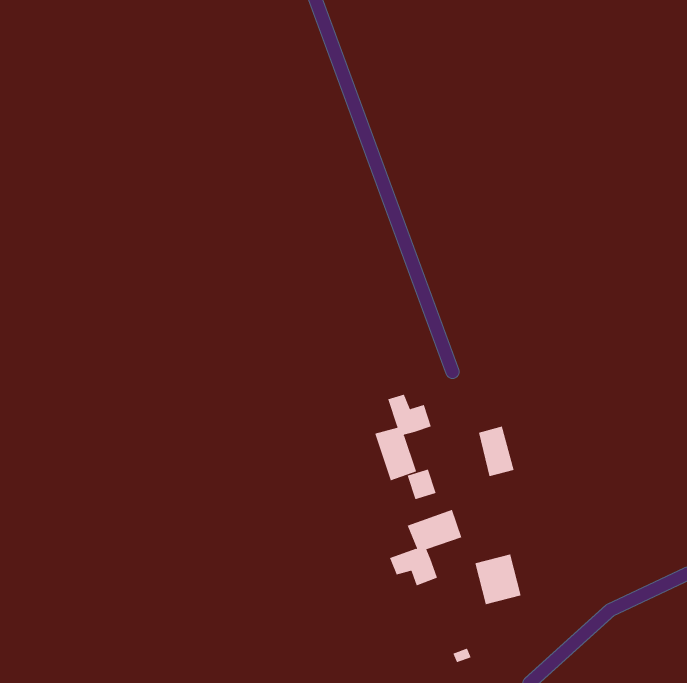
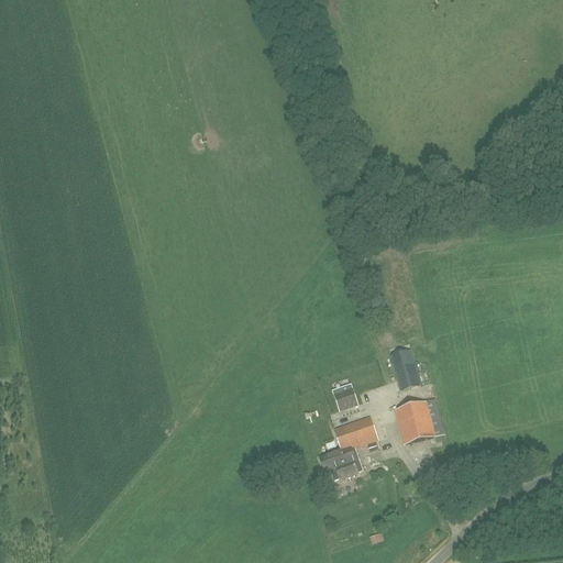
building: [375,394,432,481] -> none
building: [474,554,522,605] -> [395,400,433,442]

